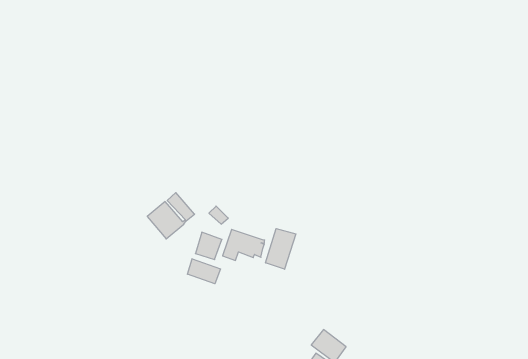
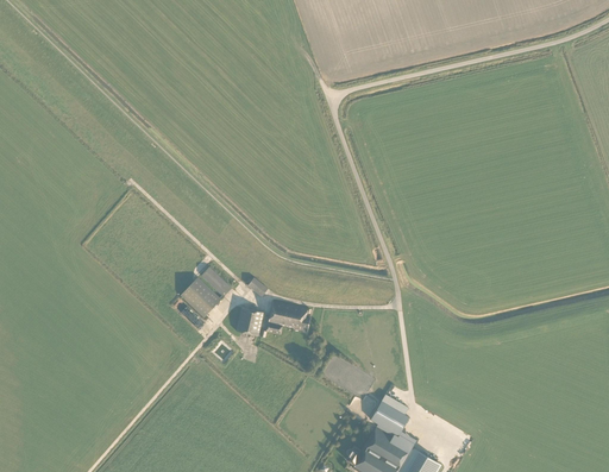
building: [266,229,296,269] -> none
building: [187,259,220,284] -> none

